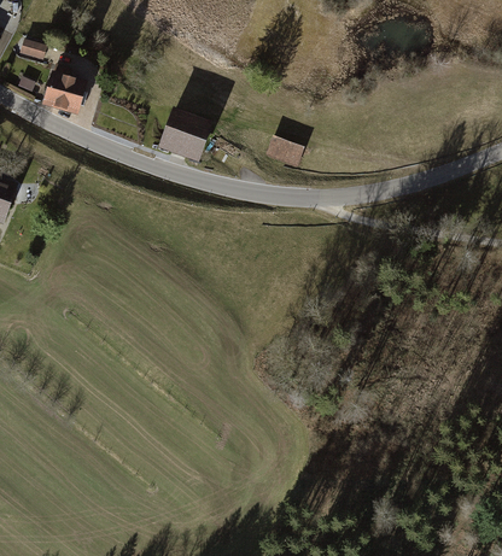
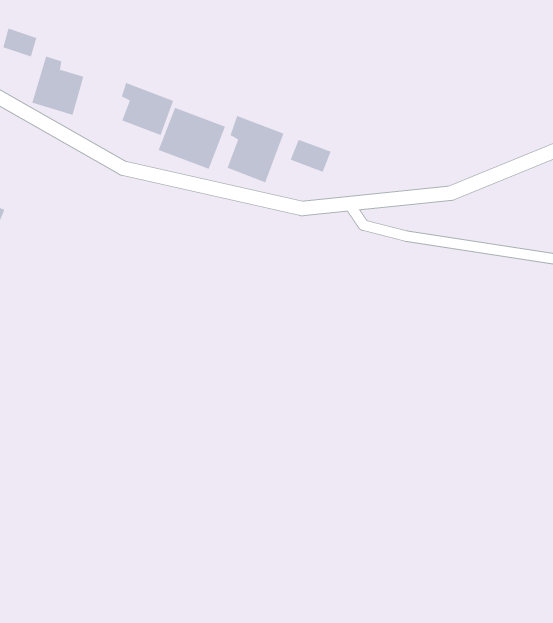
building: none -> [121,82,174,136]
building: none -> [227,115,284,183]

